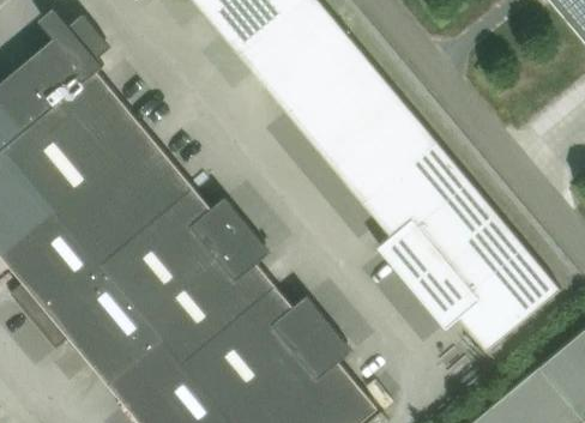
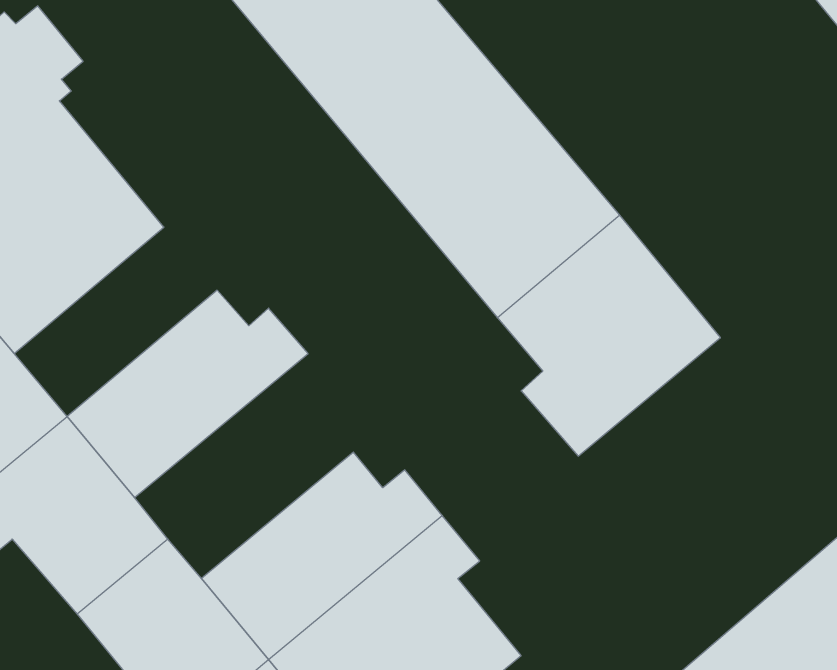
building: [68,147,192,262] -> none
building: [411,214,559,350] -> none
building: [141,224,275,361] -> none

